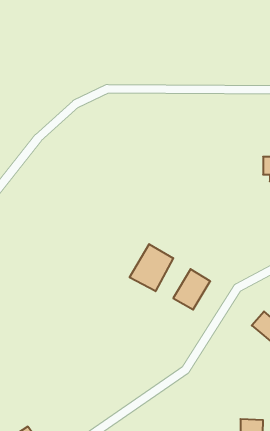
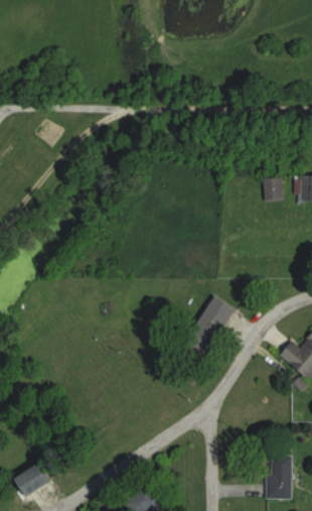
building: none -> [263,177,282,200]
building: [130,244,173,291] -> none

